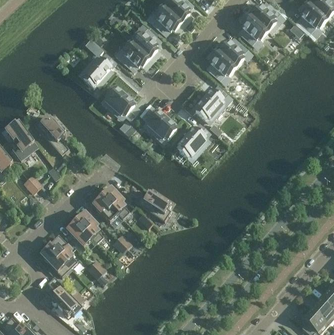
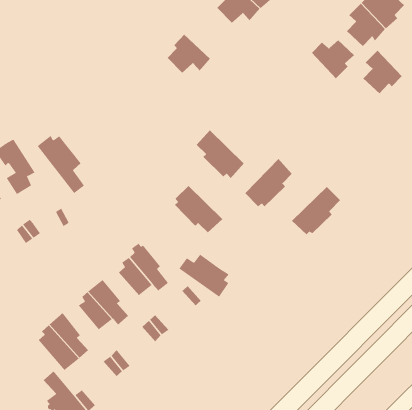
building: [129,29,157,59] -> none
building: [207,51,234,81] -> [363,50,402,94]
building: [81,54,114,88] -> none
building: [193,86,226,120] -> [291,186,341,235]
building: [104,88,138,120] -> [174,185,223,233]

